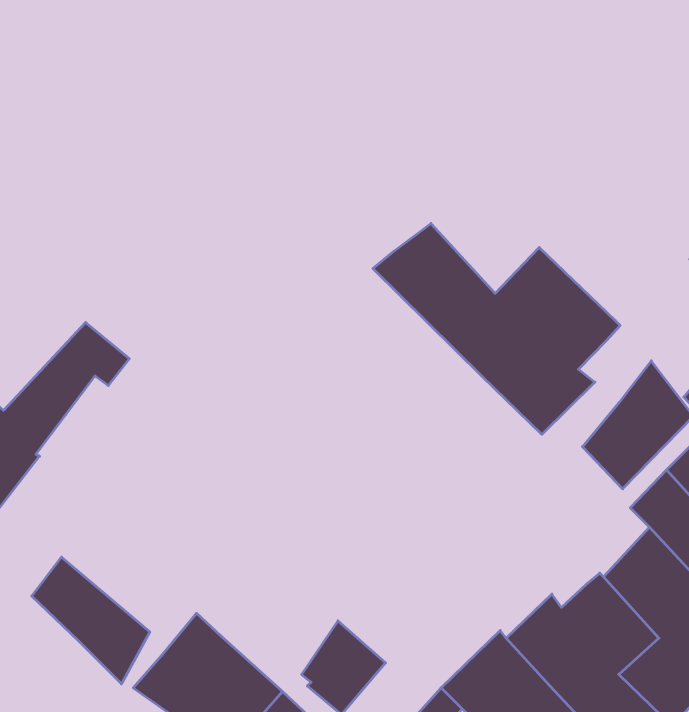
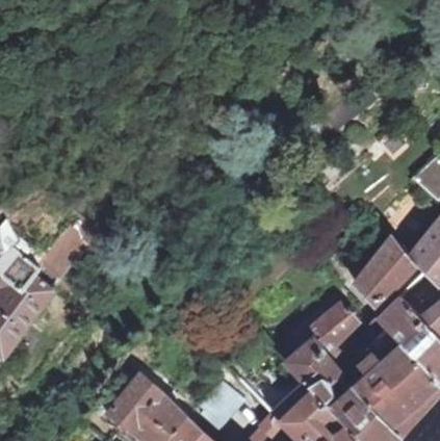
building: [373,223,620,434] -> none
building: none -> [287,306,356,388]
building: [32,557,150,684] -> none

